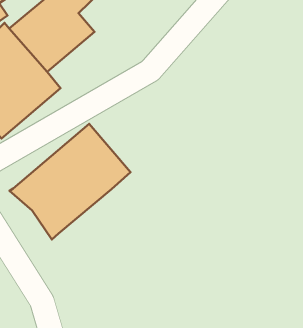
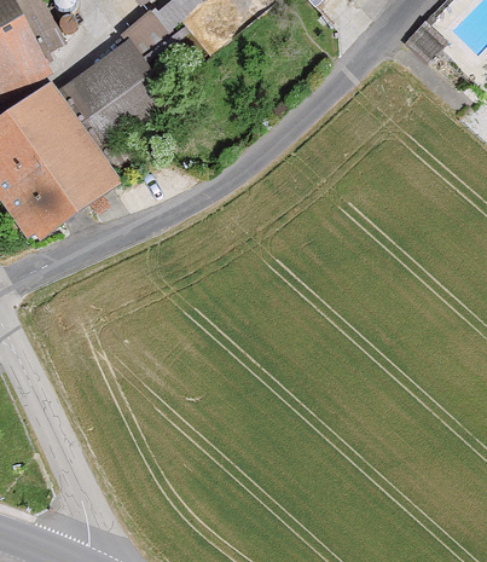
building: [10,124,131,239] -> none

